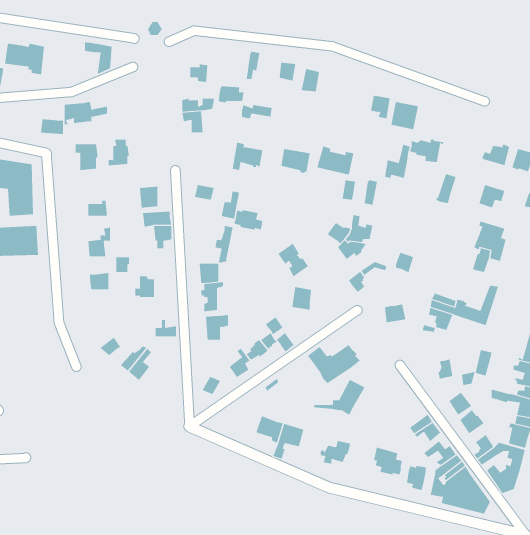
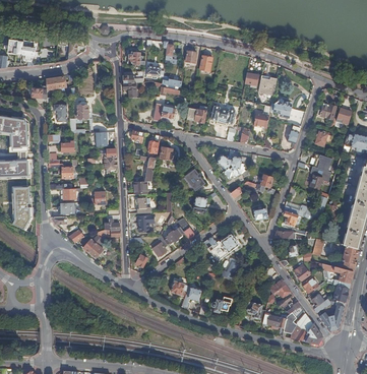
building: none -> [11,185,32,230]

